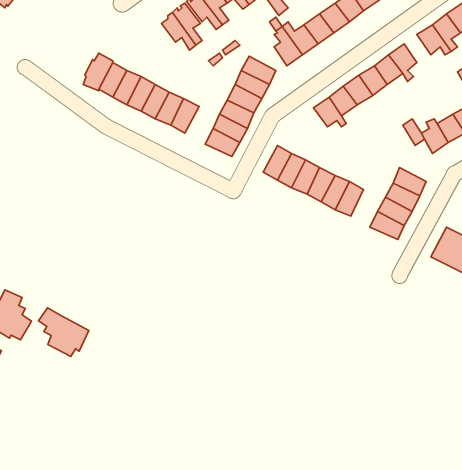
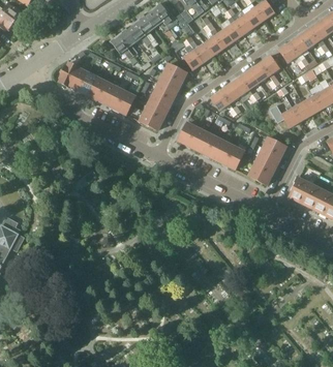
building: [38,308,89,356] -> none

